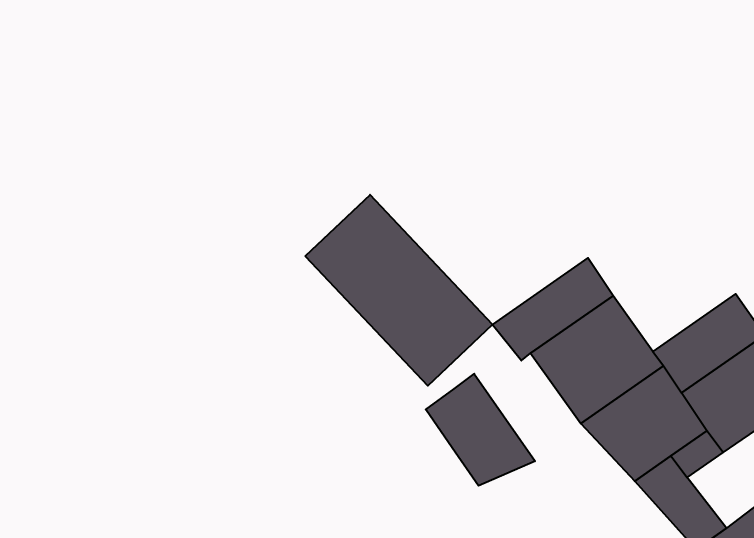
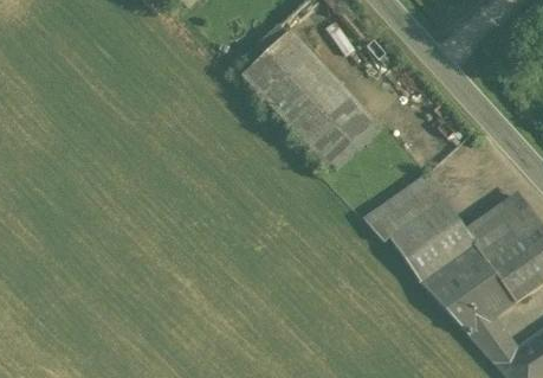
building: [305,195,493,386] -> [248,36,371,161]
building: [426,374,535,486] -> none

